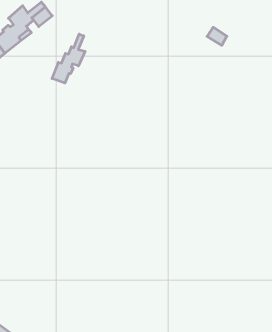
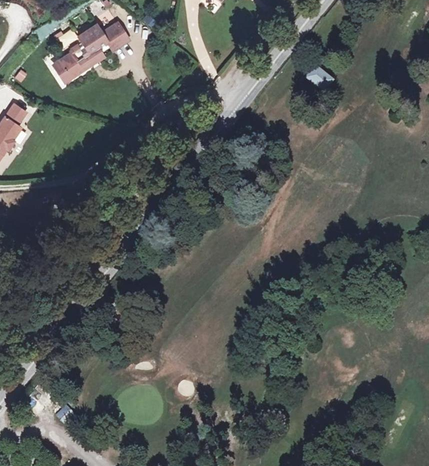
building: [52,34,85,83] -> none

